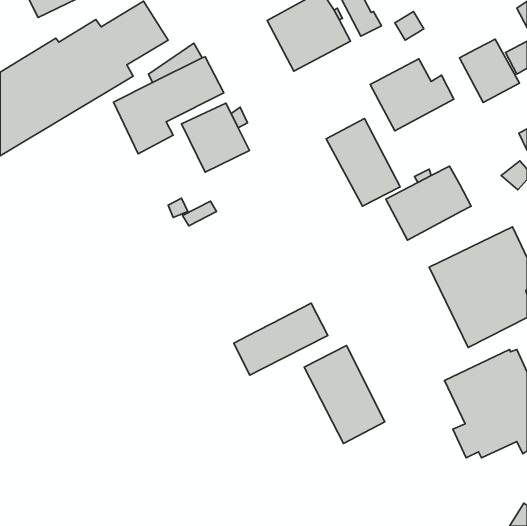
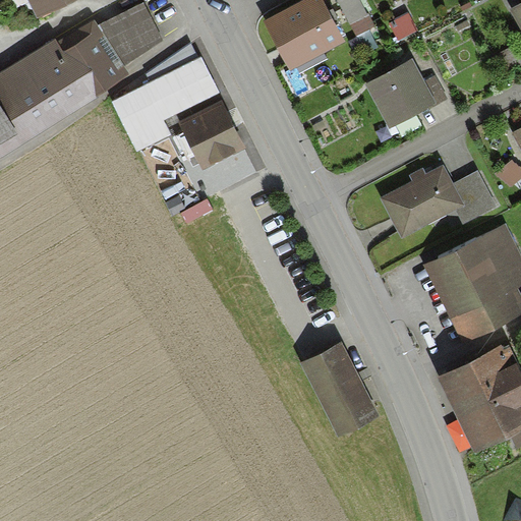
building: [459,39,519,102] -> none
building: [326,119,400,206] -> none
building: none -> [454,169,498,223]
building: [234,303,328,375] -> none

